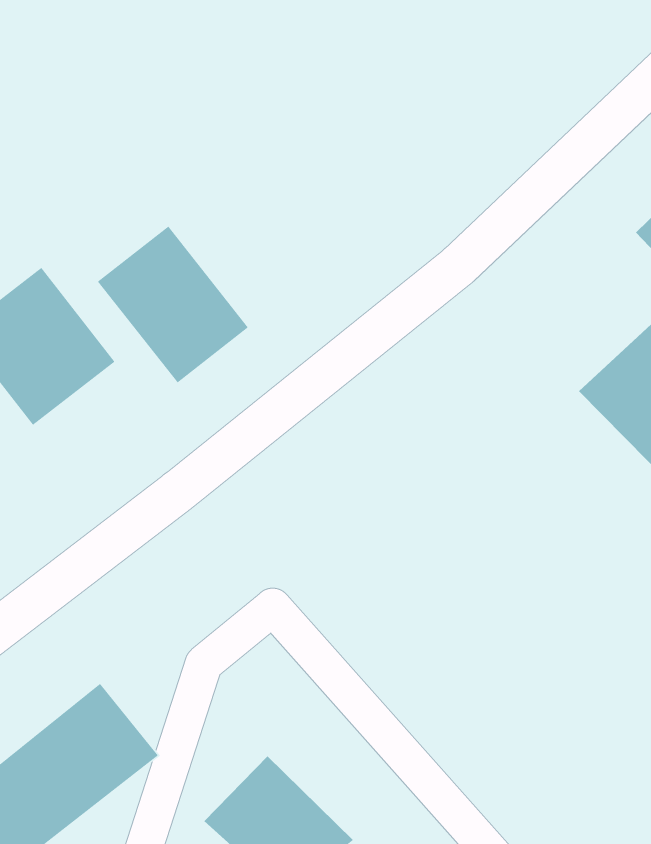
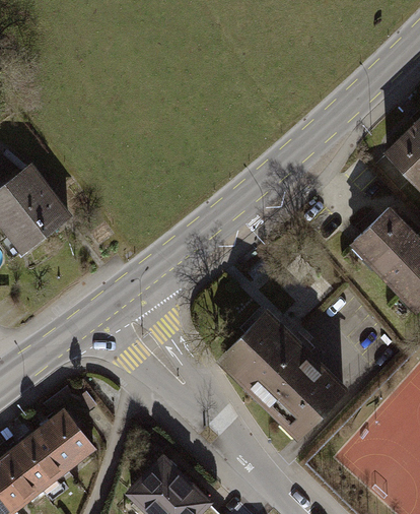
building: [97,226,249,383] -> none
building: none -> [214,304,345,436]

